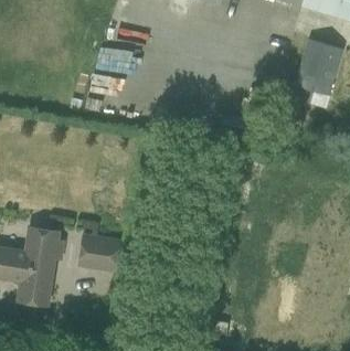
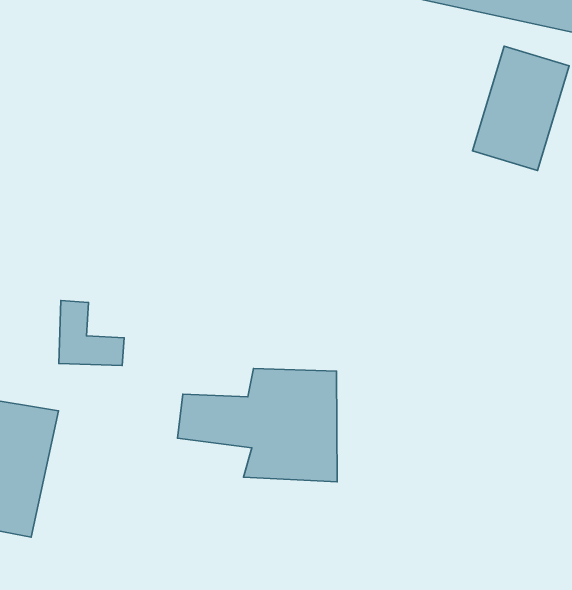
building: none -> [177,369,337,482]
building: [89,227,126,264] -> [59,300,124,366]

